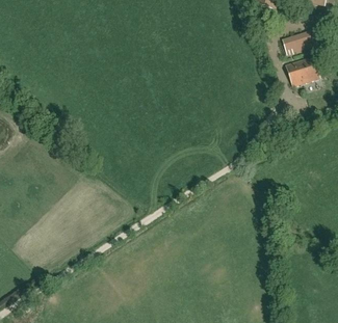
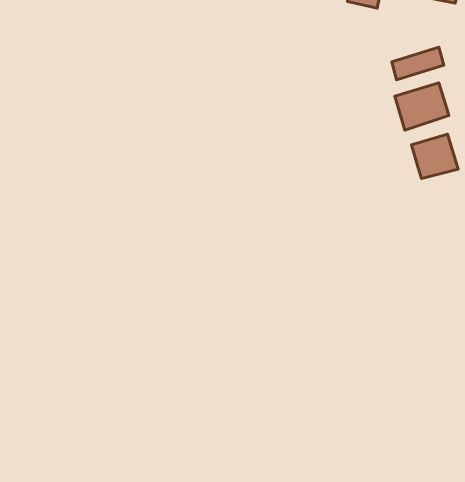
building: none -> [412,134,458,178]

